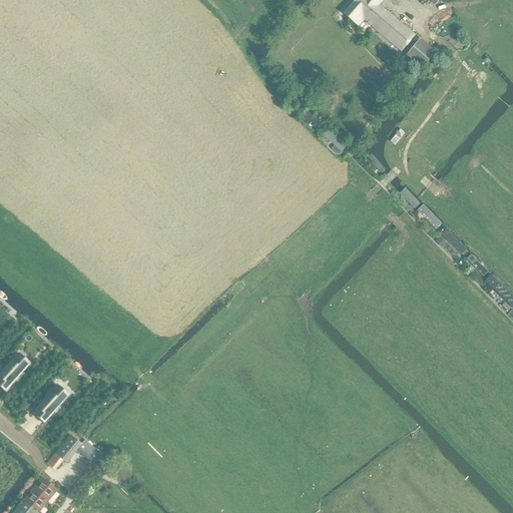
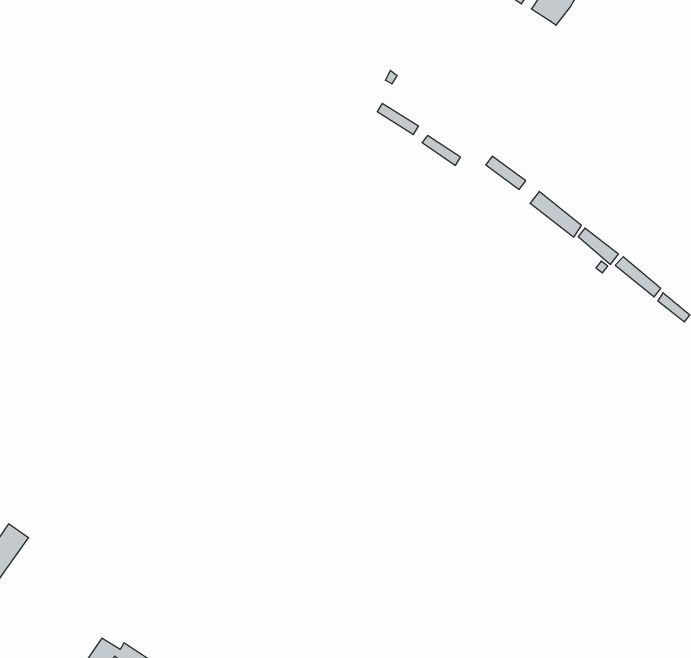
building: [31,384,68,423] -> none

